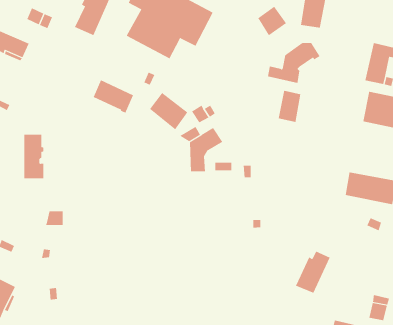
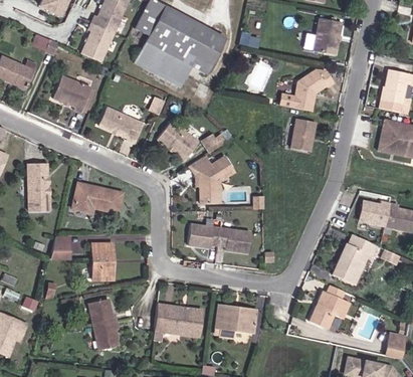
building: [257,6,287,36] -> none
building: none -> [53,75,91,112]
building: none -> [72,181,123,212]
building: none -> [189,223,250,251]
building: none -> [332,233,377,285]
building: none -> [91,242,113,278]
building: none -> [87,298,119,349]
building: none -> [154,303,202,336]
building: none -> [215,304,256,337]

